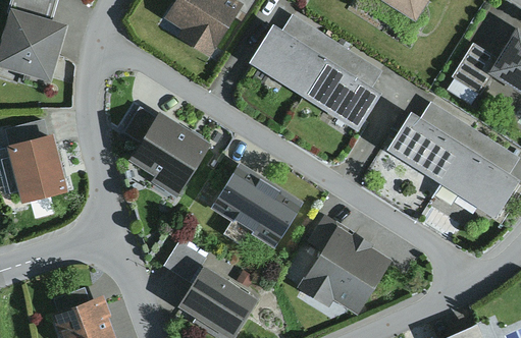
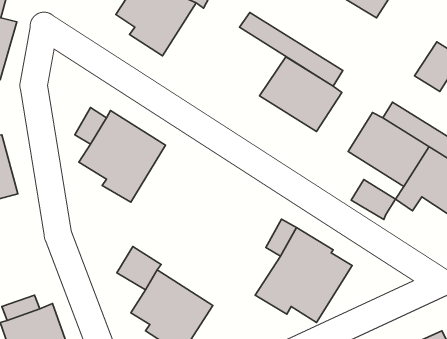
building: [248,23,327,96] -> none
building: [210,163,307,247] -> none
building: none -> [351,180,396,219]

